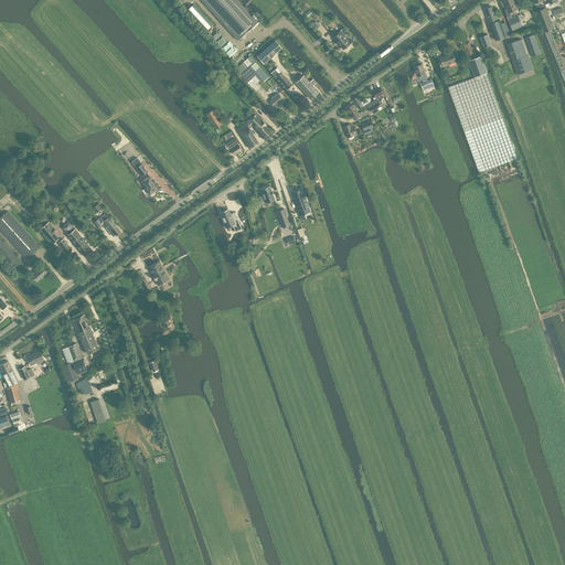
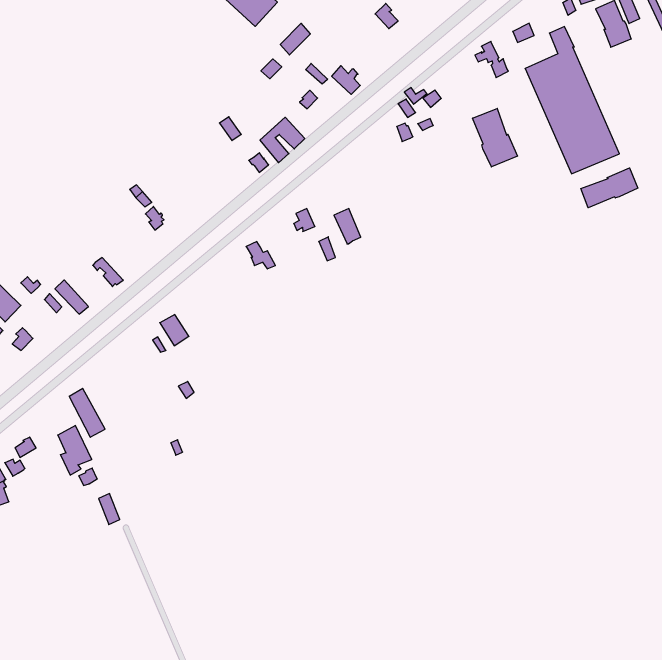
building: none -> [473,108,517,167]
building: none -> [581,168,638,208]

